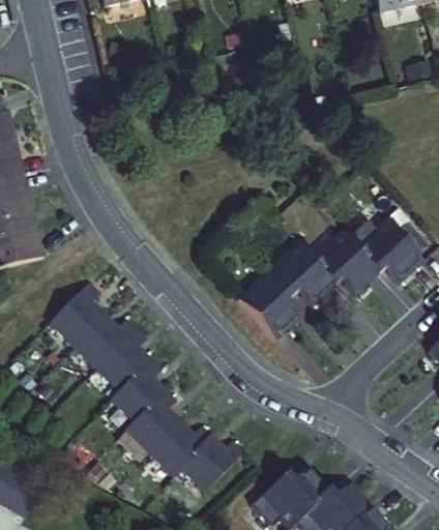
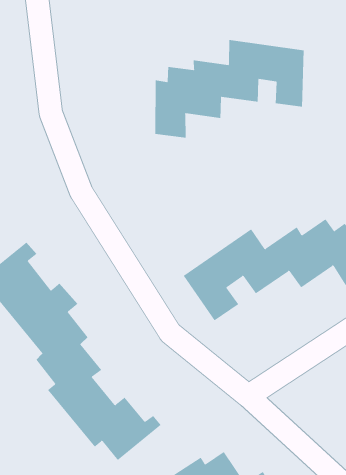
building: none -> [155,39,304,139]

